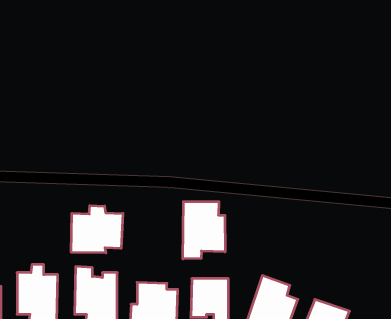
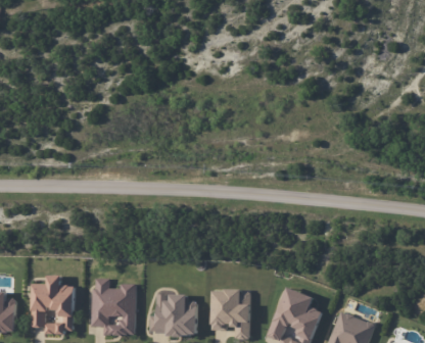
building: [183,202,225,259] -> none
building: [71,206,123,253] -> none

